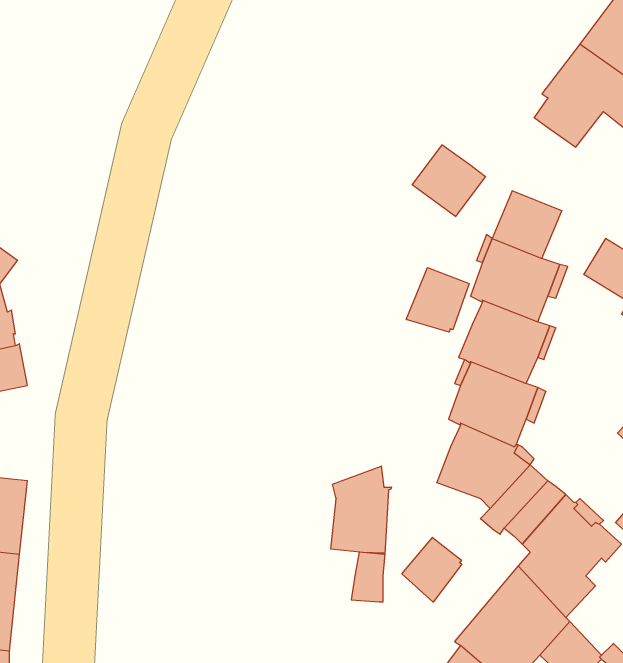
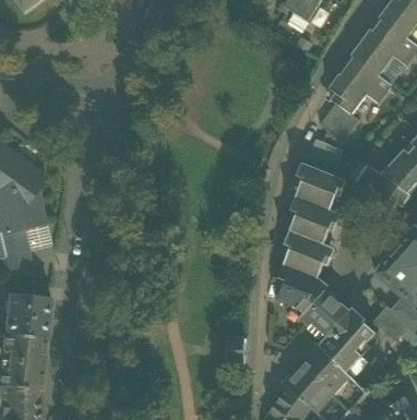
building: [412,145,486,216] -> [320,104,360,143]
building: [406,268,469,332] -> none
building: [331,466,391,554] -> none
building: [402,537,462,602] -> none

